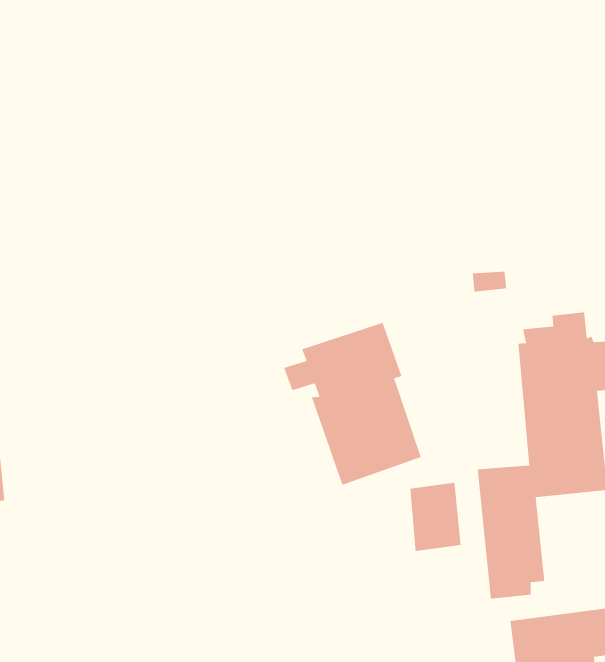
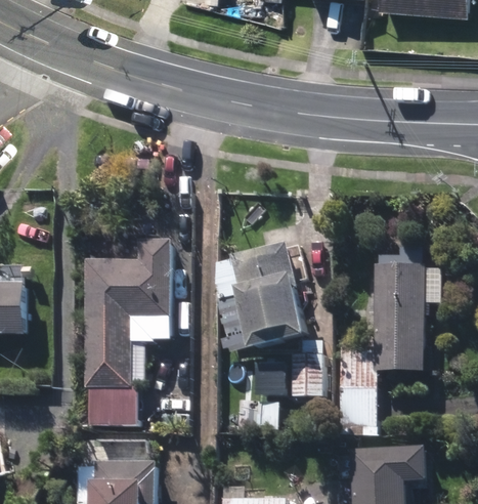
building: none -> [85,241,171,426]

